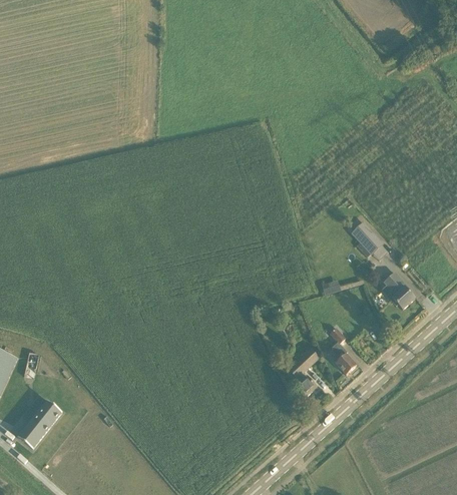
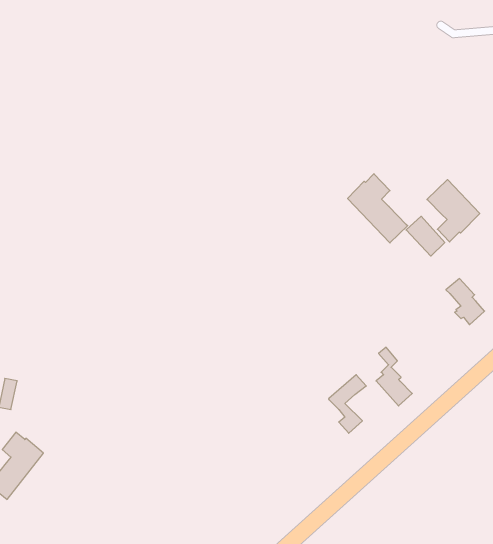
building: none -> [348,174,408,243]
building: none -> [427,180,480,242]

